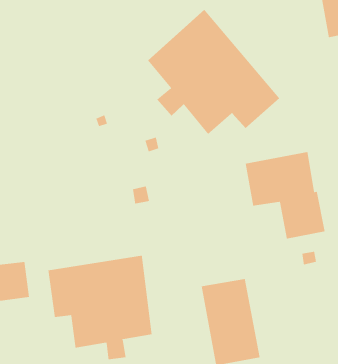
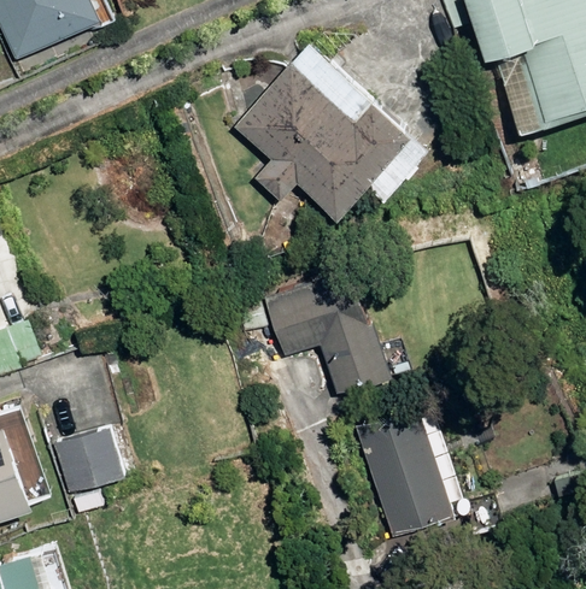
building: [245,152,326,239] -> [264,270,389,395]
building: [48,255,152,360] -> none

